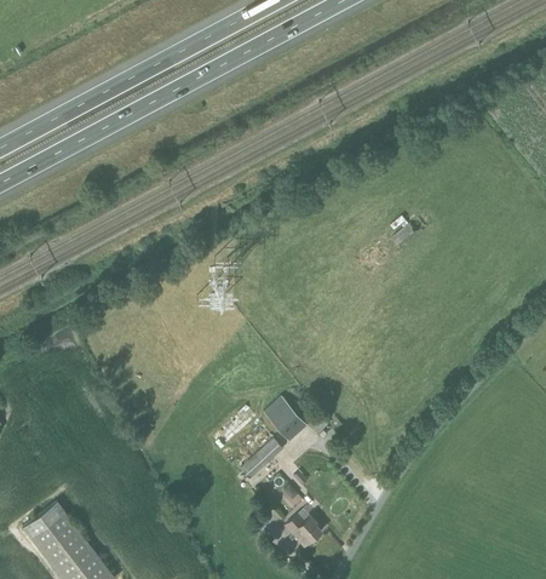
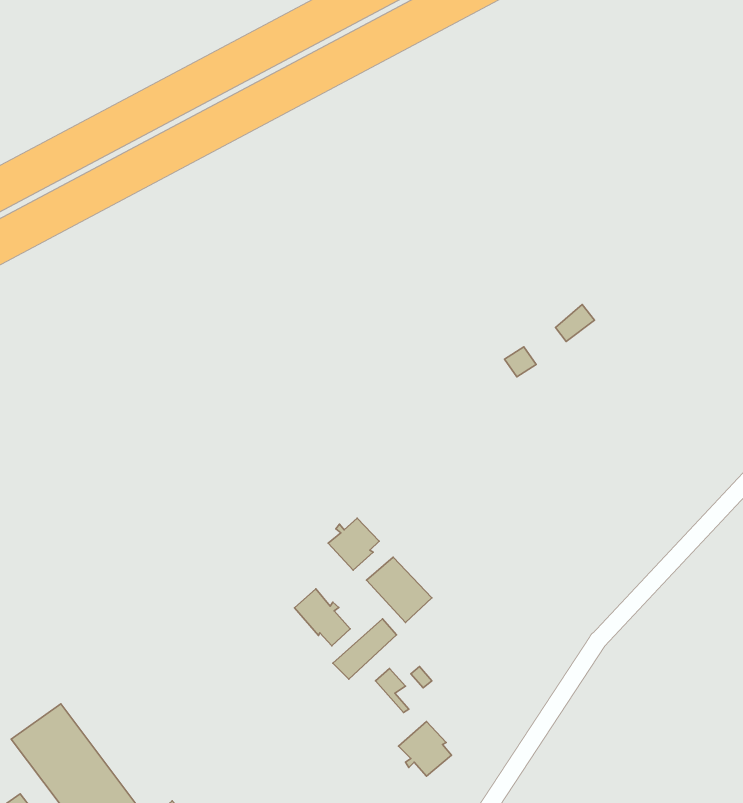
building: none -> [328,518,379,570]
building: none -> [295,589,350,646]

